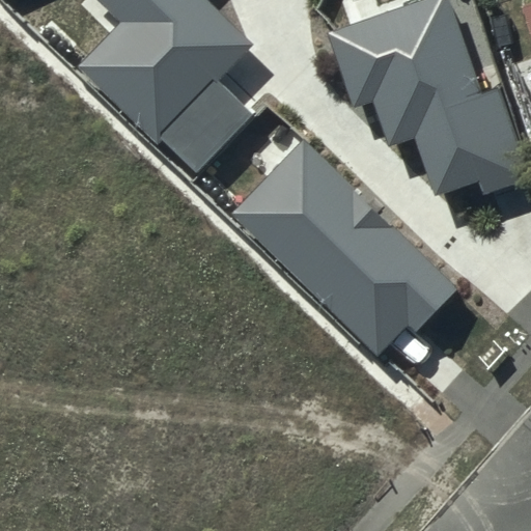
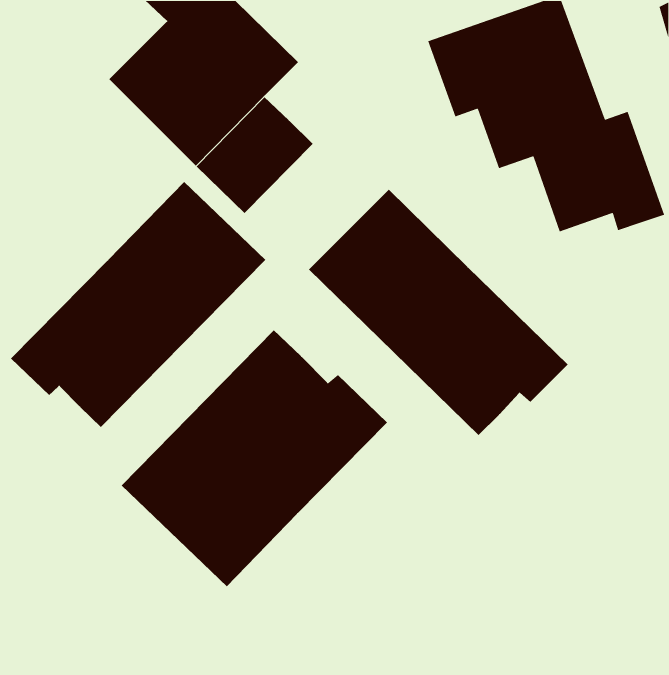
building: none -> [10,181,266,428]
building: none -> [121,329,388,587]

